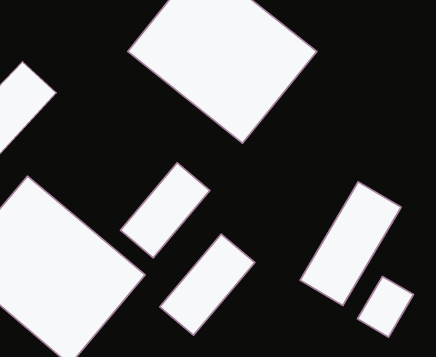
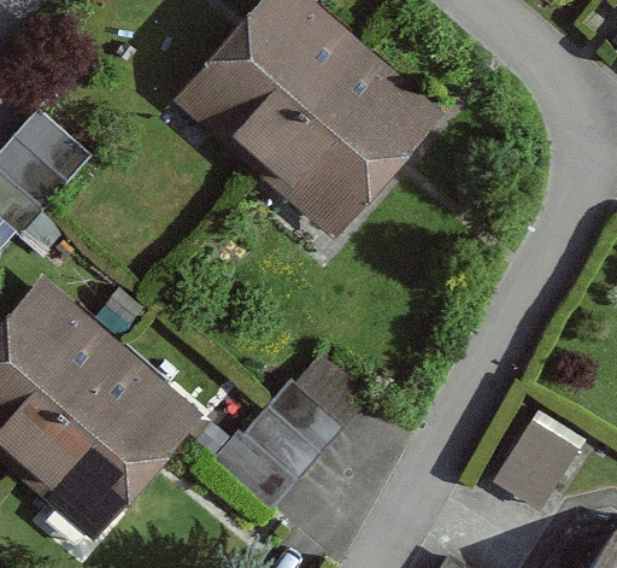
building: [120,163,210,258] -> none
building: [300,182,401,306] -> none

